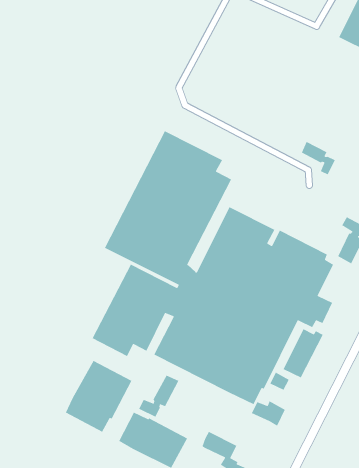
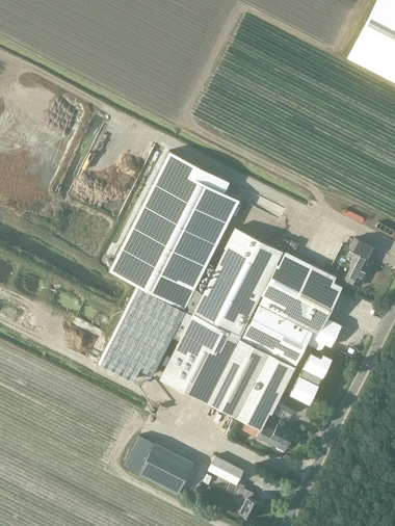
building: [301,141,336,175] -> none
building: [65,360,133,433] -> none
building: [138,374,180,418] -> none

